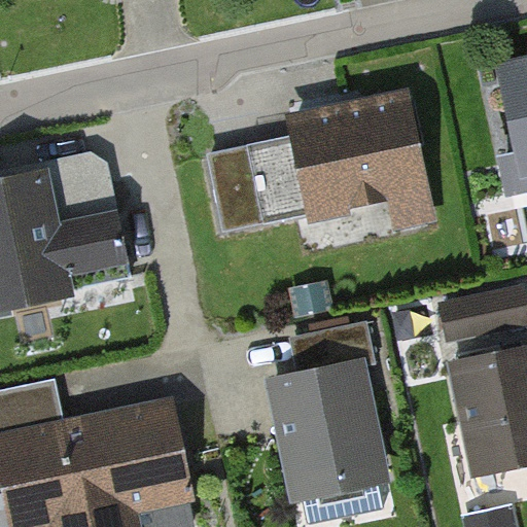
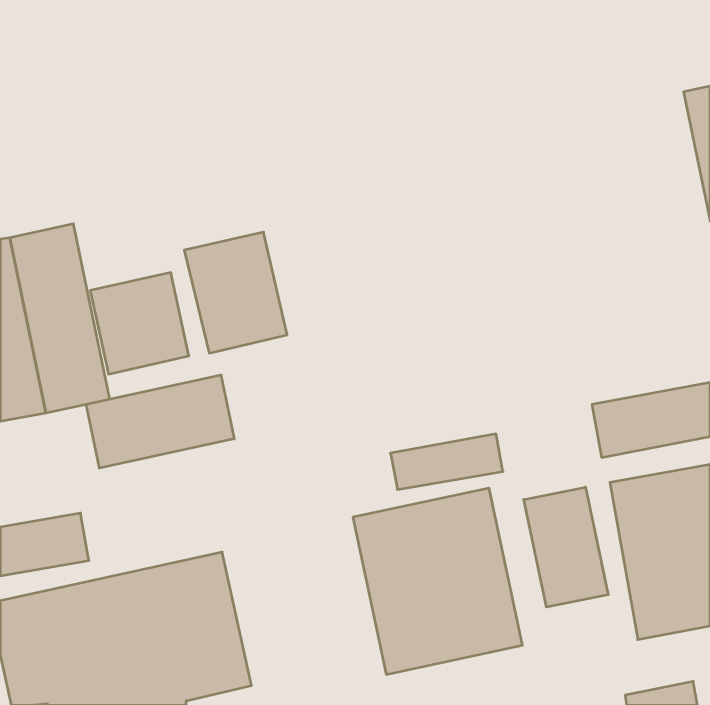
building: [282,100,436,235] -> none
building: [210,141,286,231] -> [184,232,287,353]
building: none -> [86,375,234,468]
building: none -> [524,487,608,607]

